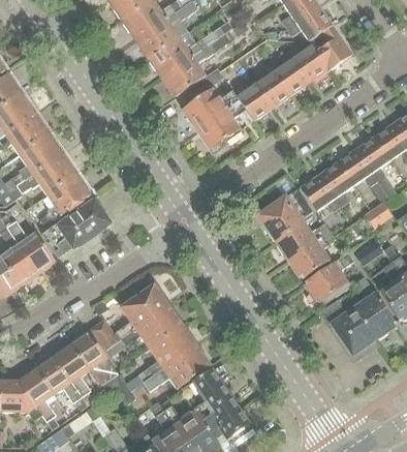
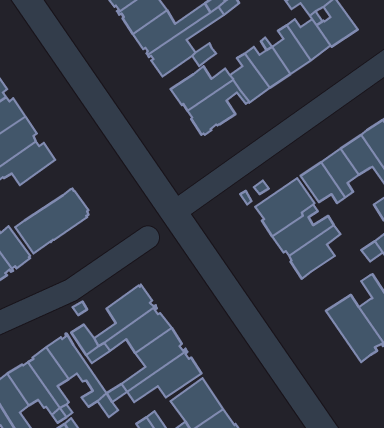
building: [33,173,91,234] -> none
building: [302,252,353,305] -> none

